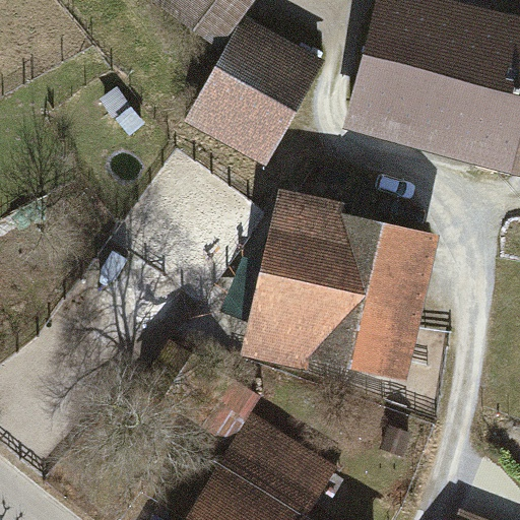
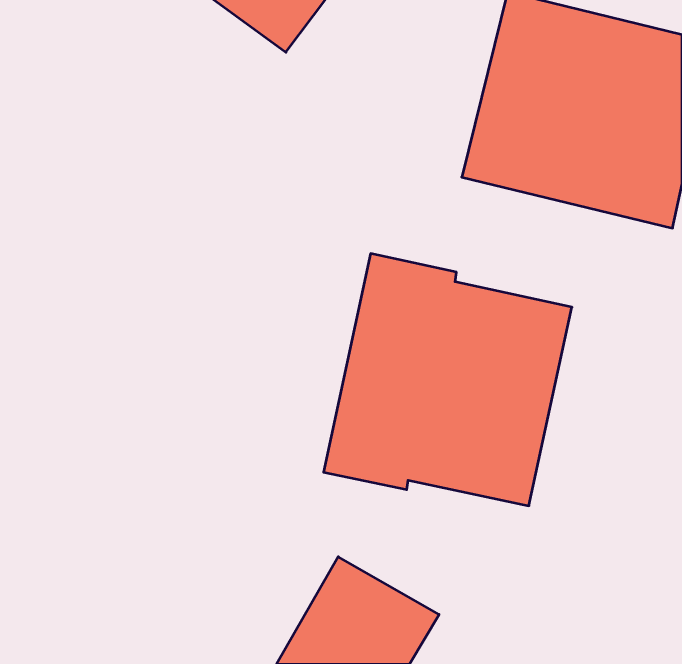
building: [194,17,324,159] -> none

